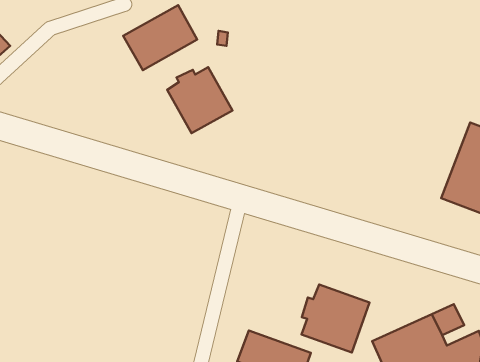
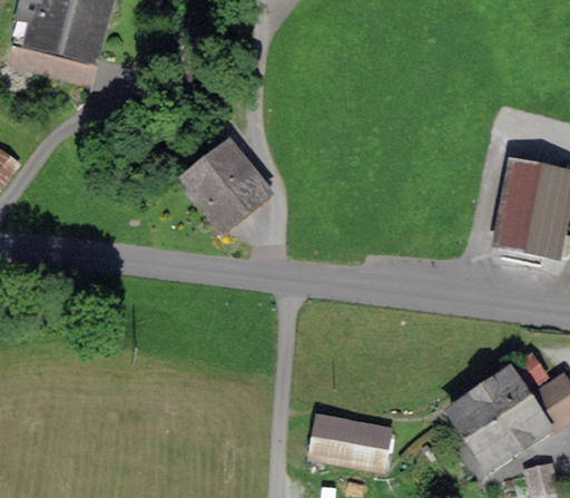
building: [123,5,197,70] -> none
building: [302,284,370,353] -> none

